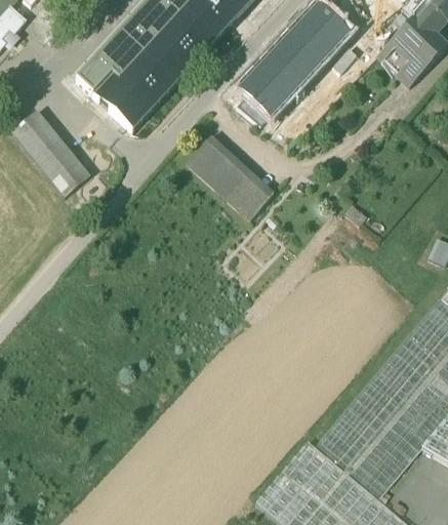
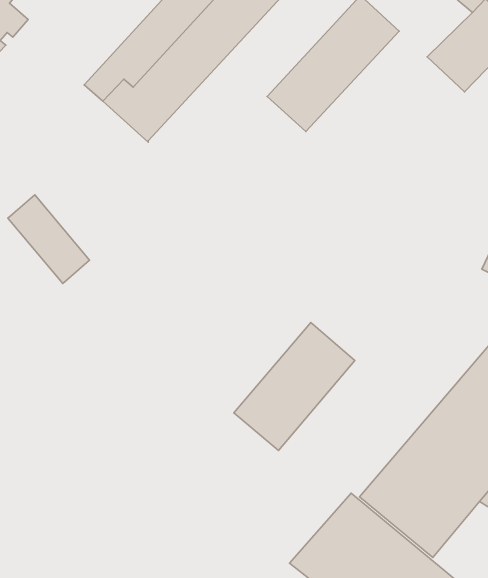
building: [12,114,84,192] -> [8,195,90,284]
building: [185,134,272,217] -> none
building: none -> [234,323,355,451]

